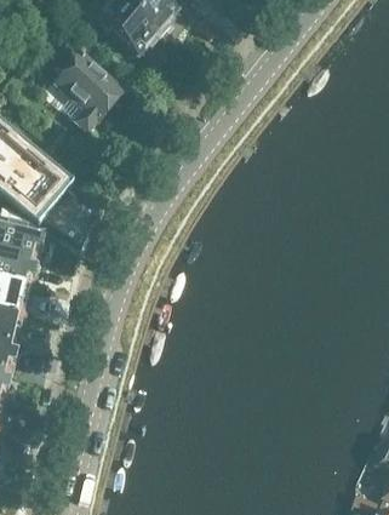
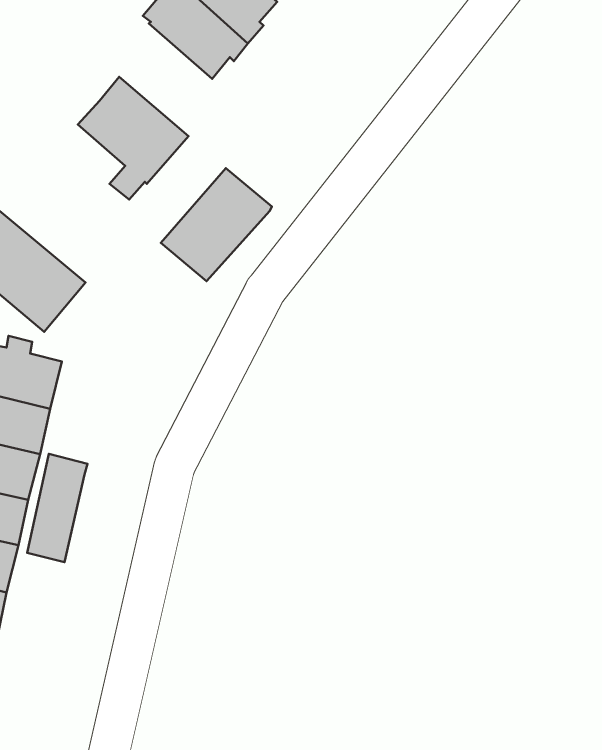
building: none -> [161,168,272,281]
building: none -> [27,454,88,562]

